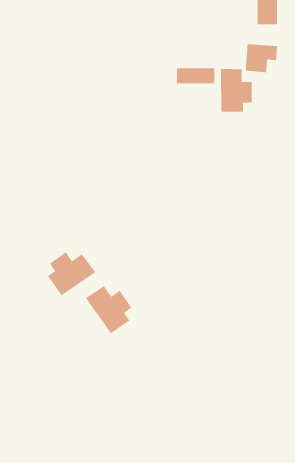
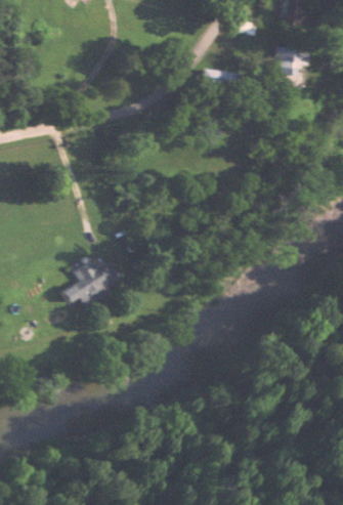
building: [220,68,252,112] -> none
building: [85,285,132,334] -> none

